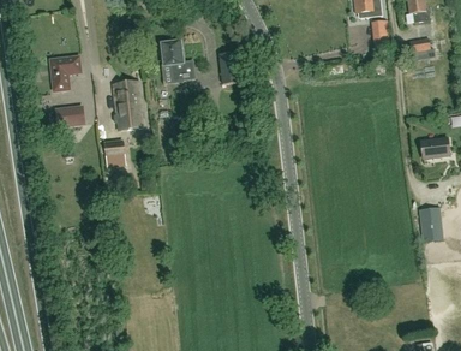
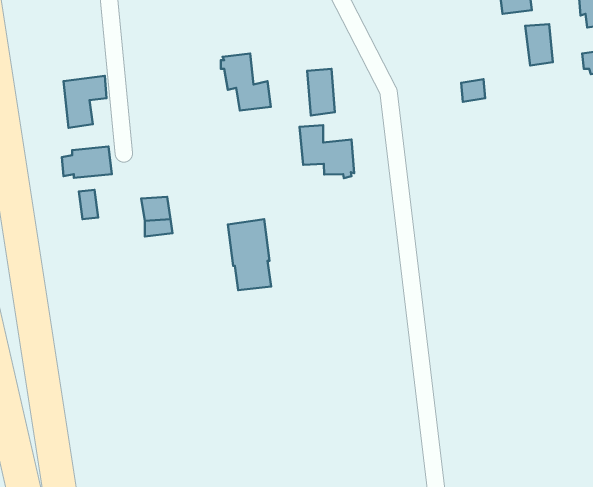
building: [113,81,143,130] -> [228,219,271,290]
building: none -> [300,125,354,178]

